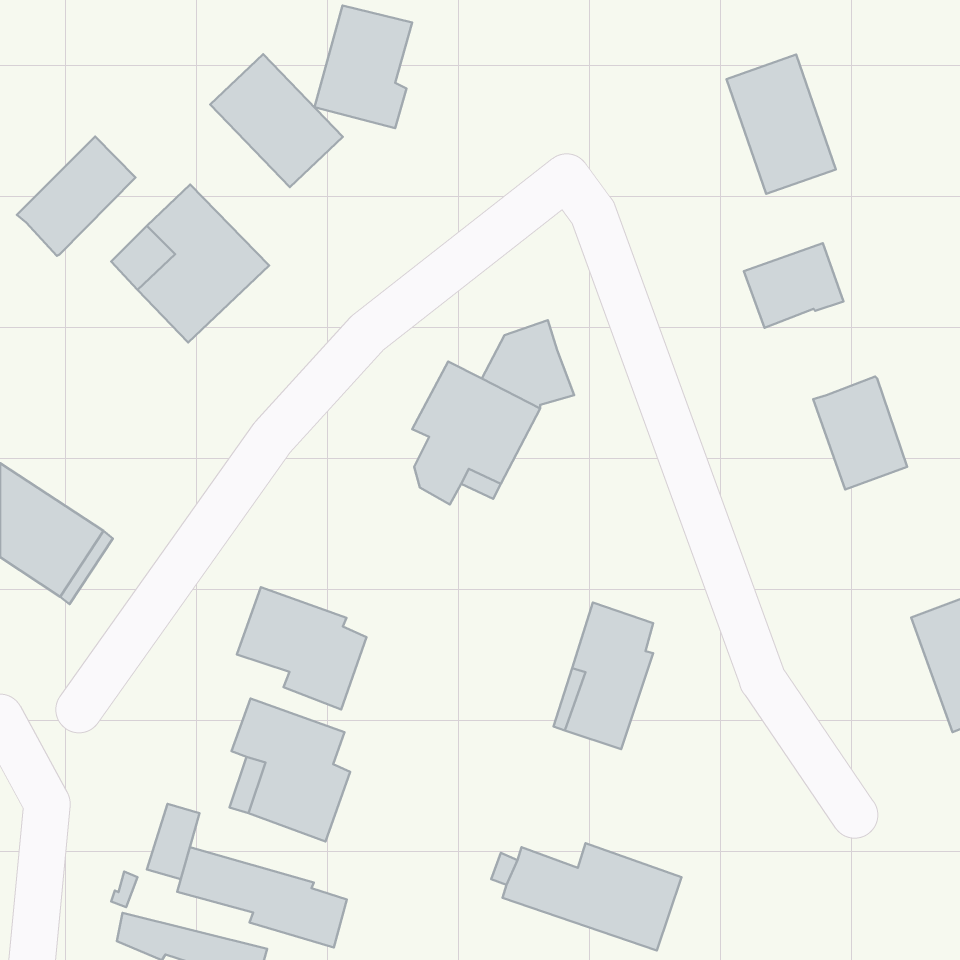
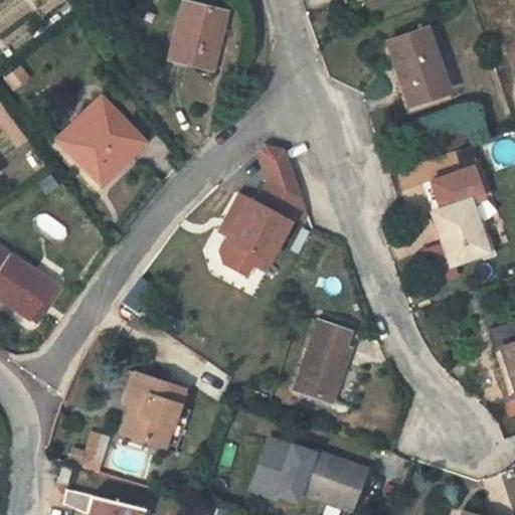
building: [210,54,343,187] -> none
building: [17,137,135,256] -> none
building: [744,243,844,328] -> [432,167,485,212]
building: none -> [260,142,294,180]
building: [237,587,367,709] -> none
building: [177,847,347,948] -> none

